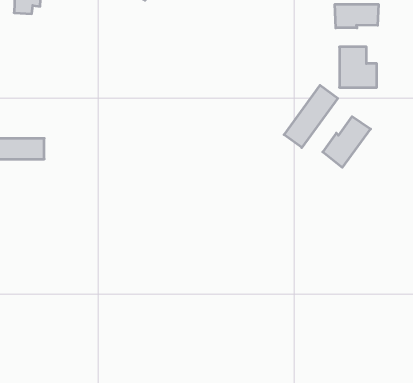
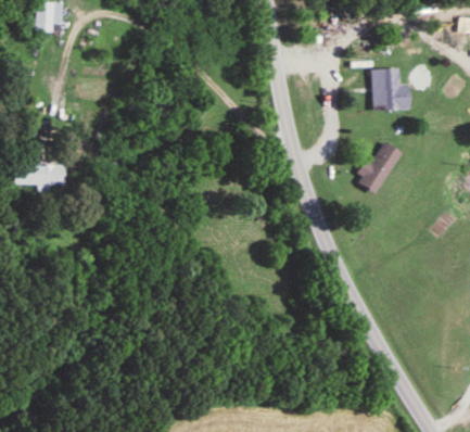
building: [335,4,378,28] -> none
building: [284,85,338,148] -> none

